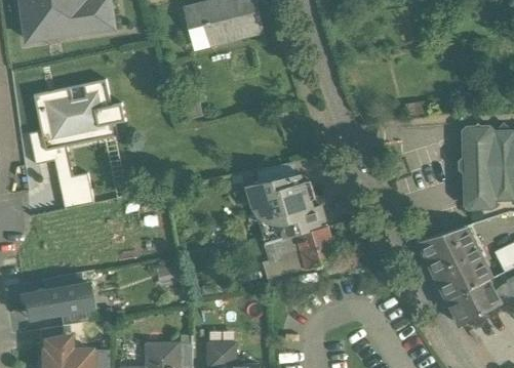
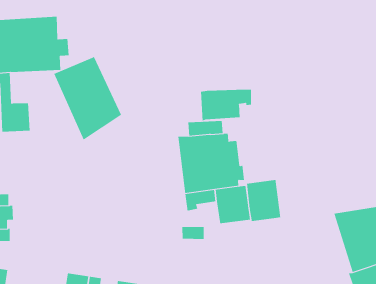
building: none -> [54,56,122,141]
building: none -> [200,89,251,121]
building: none -> [246,179,281,222]

